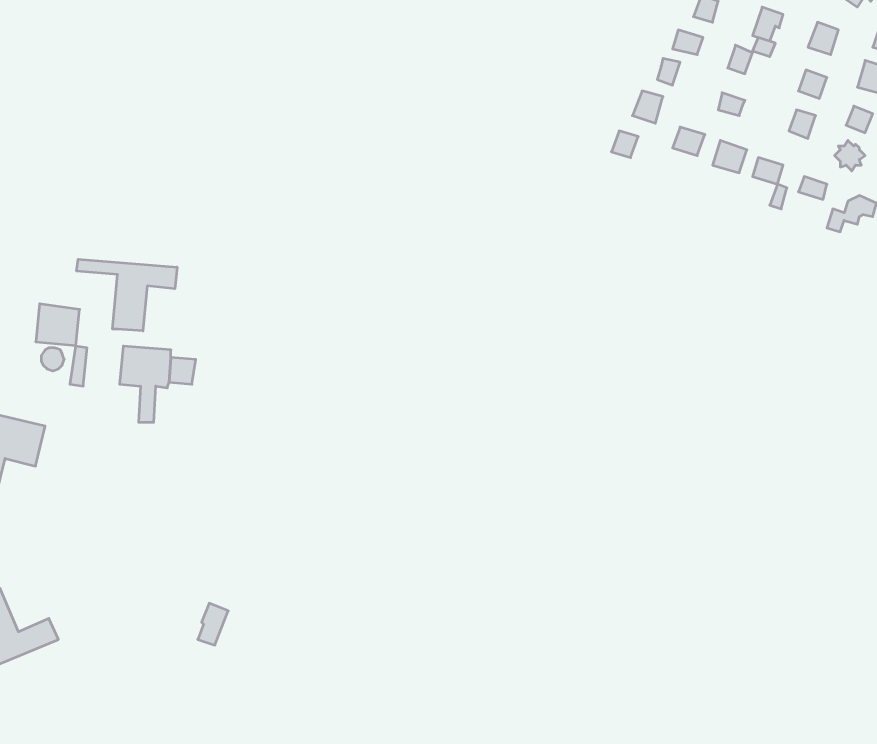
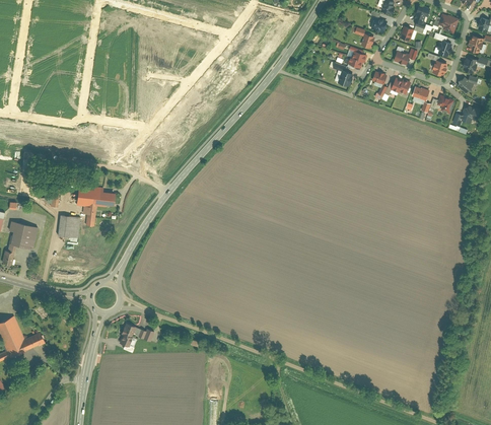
building: [77,259,177,331] -> none
building: [36,304,80,346] -> [57,216,80,238]

